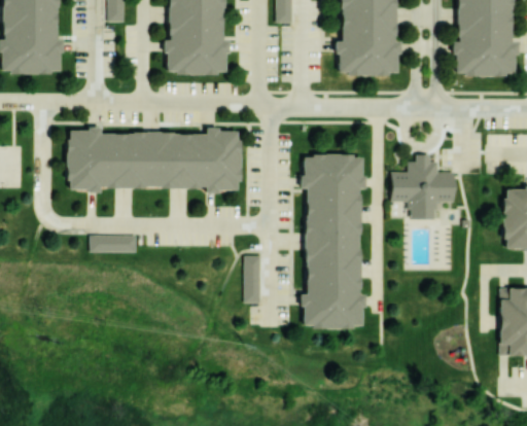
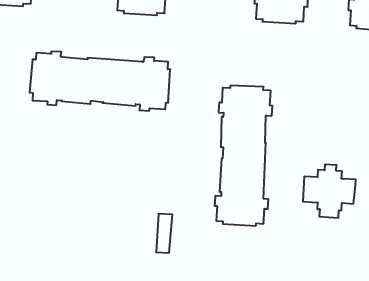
building: [390,154,454,219] -> [303,164,356,218]
building: [90,236,136,252] -> none
building: [244,256,261,304] -> [156,214,172,253]

